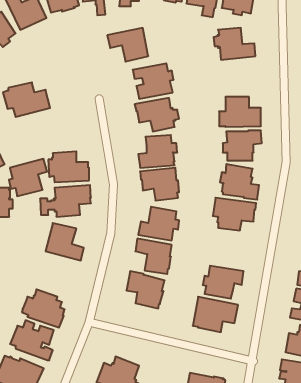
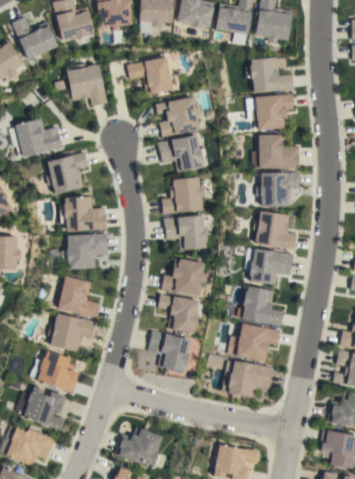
building: none -> [66,63,107,106]
building: none -> [247,94,295,130]
building: [9,159,47,196] -> [46,152,89,194]
building: none -> [242,286,284,326]
building: none -> [48,313,96,352]

